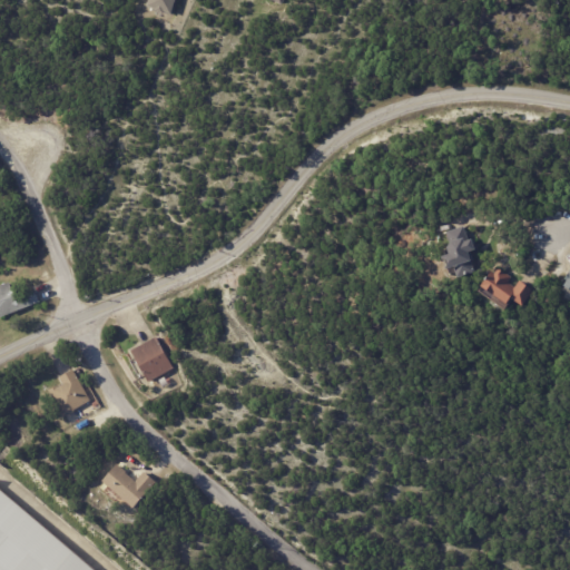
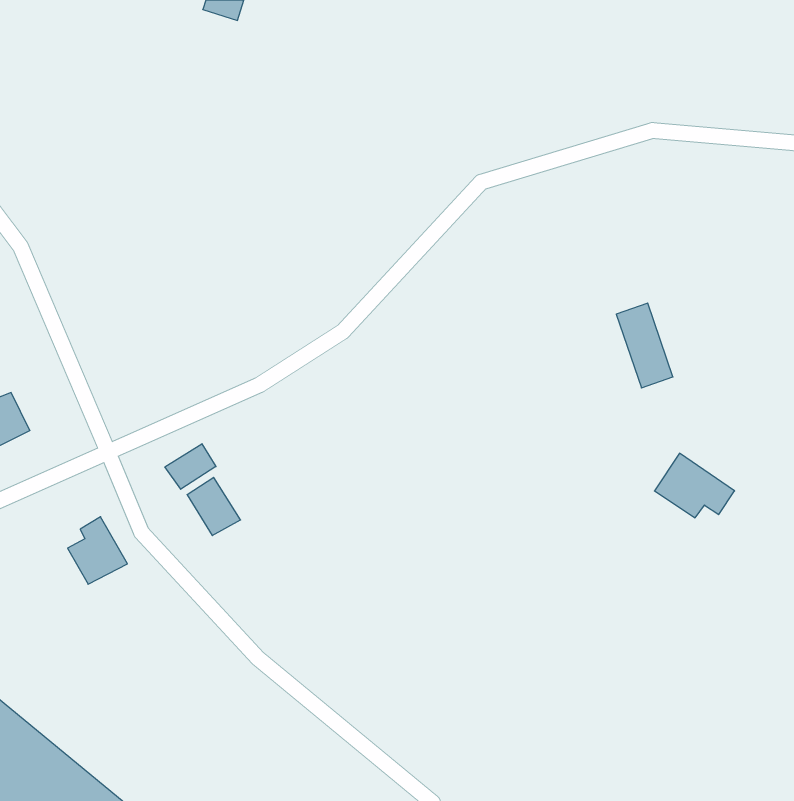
building: [482,261,539,306] -> [654,453,735,518]
building: none -> [165,444,216,489]
building: [96,460,157,512] -> none

